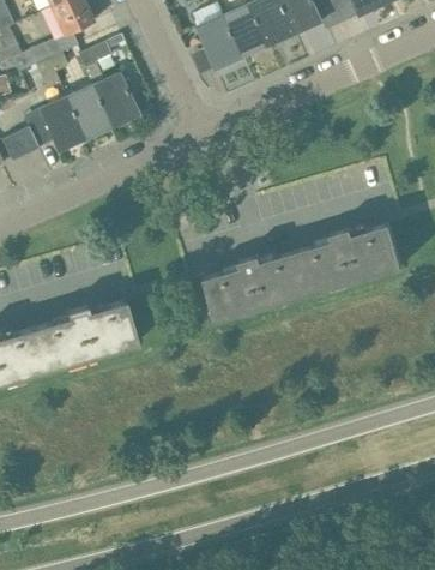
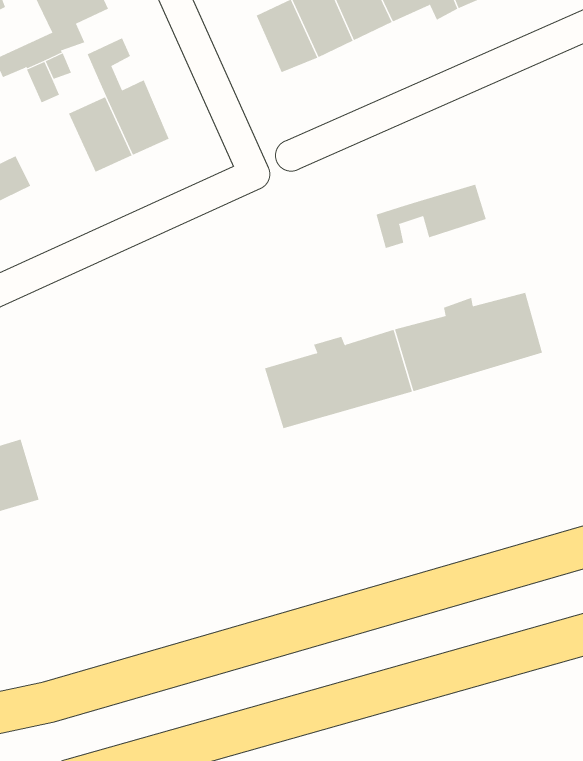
building: [40,96,85,150] -> none
building: none -> [376,184,486,249]
building: [32,300,138,371] -> none

